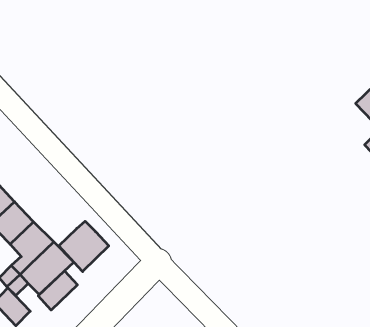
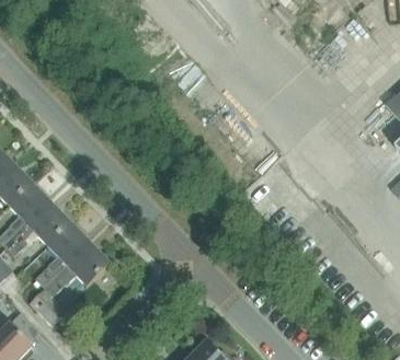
building: [59,221,109,272] -> none
building: [38,271,77,310] -> none

